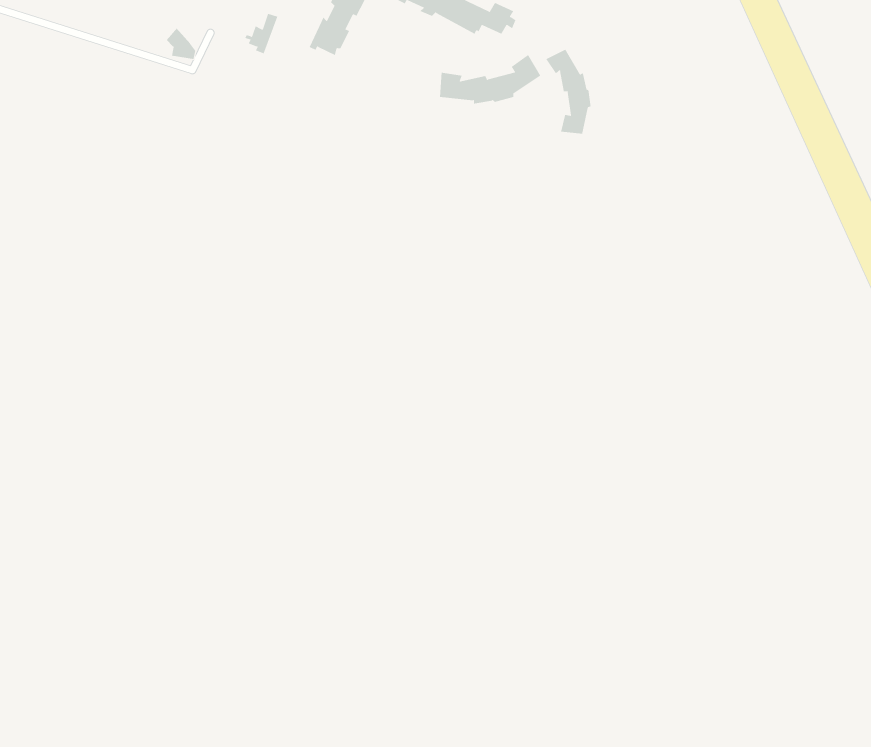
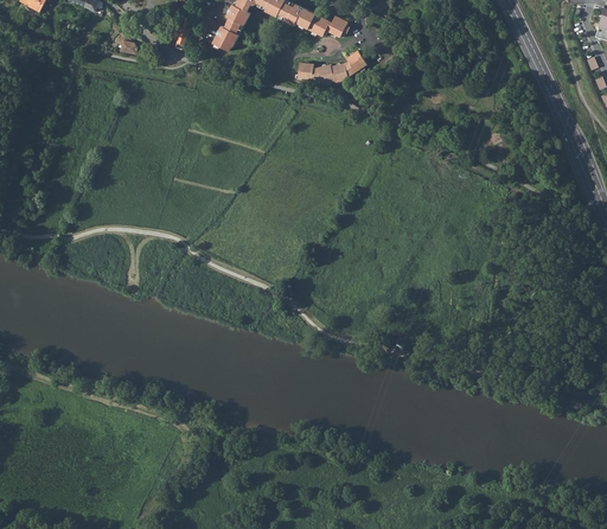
building: [545,49,591,135] -> none

